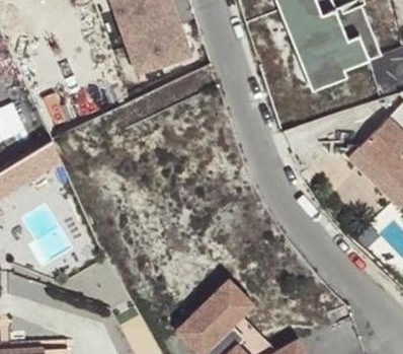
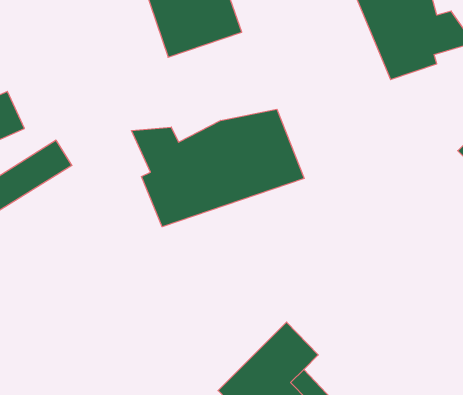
building: none -> [132,109,304,227]

